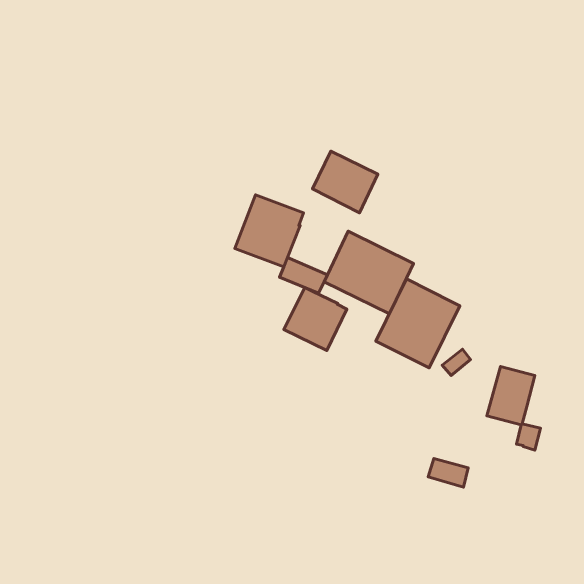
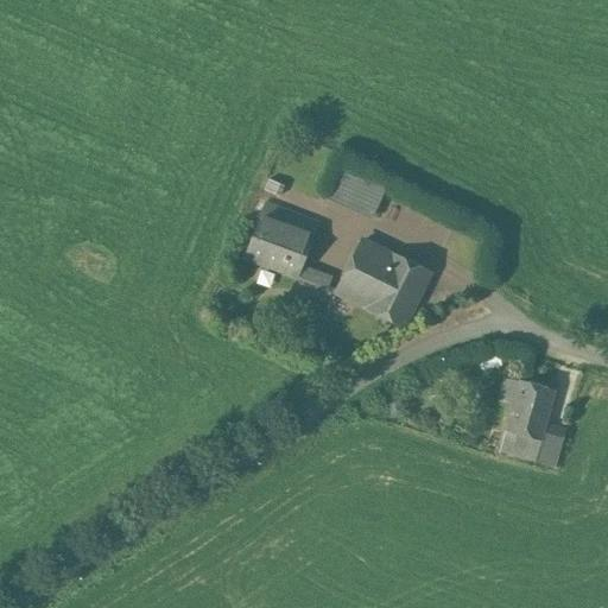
building: [376,279,460,368] -> none
building: [284,288,347,351] -> none
building: [428,459,468,487] -> [500,431,542,461]

